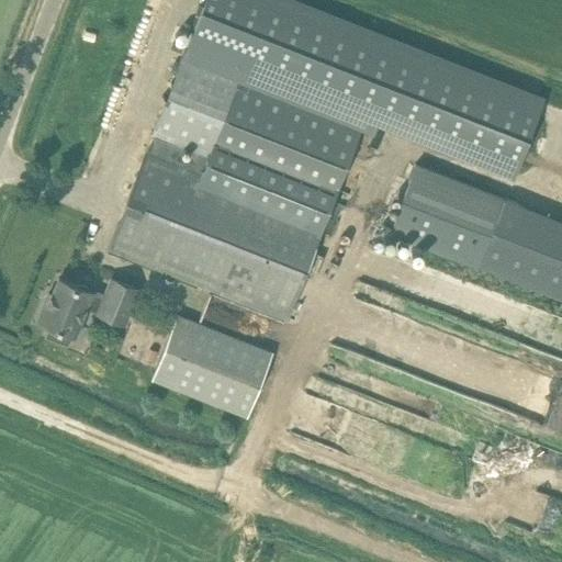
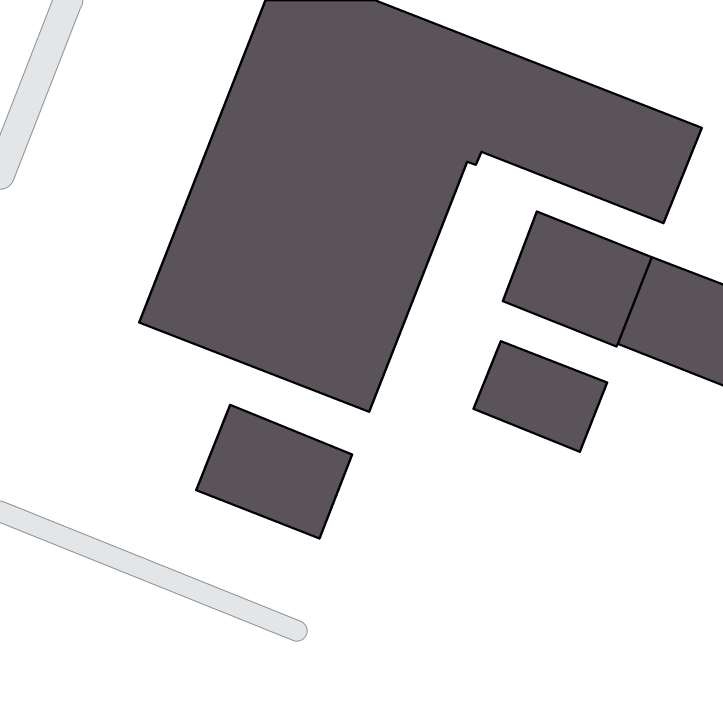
building: none -> [473,341,607,452]
building: [40,281,139,347] -> none

